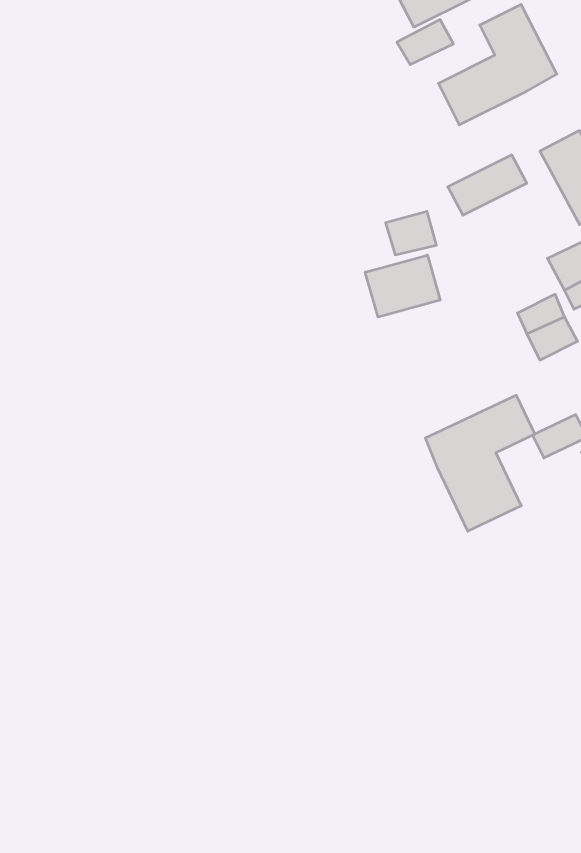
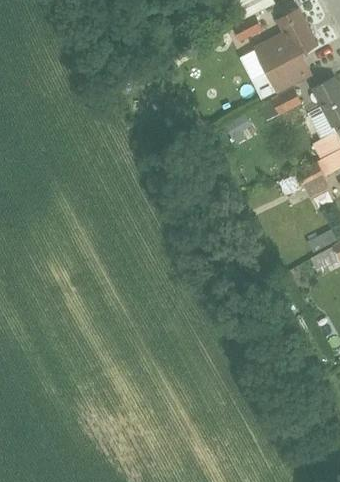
building: none -> [267,55,313,93]
building: [365,255,440,317] -> none
building: [425,395,535,531] -> none

